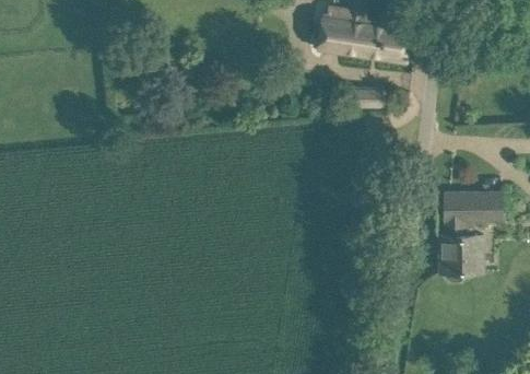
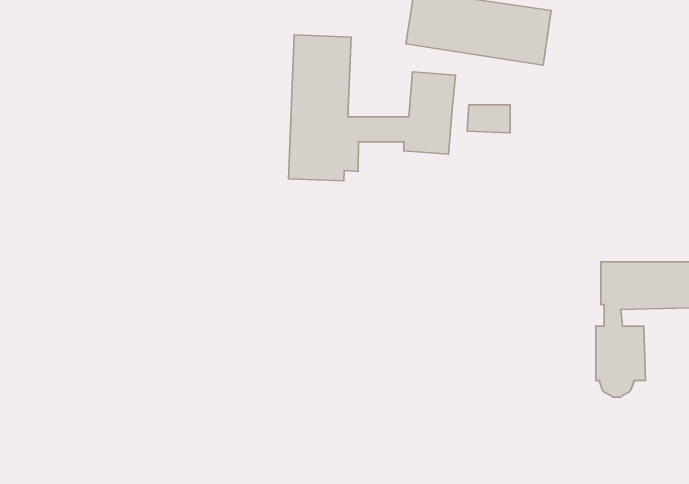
building: none -> [289,35,455,181]

